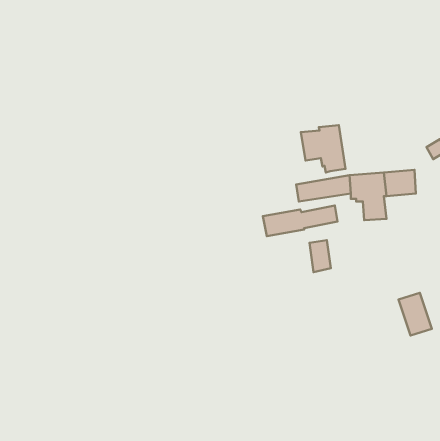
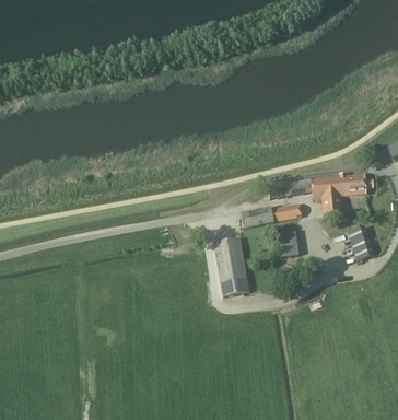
building: [301,125,346,173] -> none
building: none -> [213,237,249,296]
building: [399,293,432,335] -> [346,225,373,260]

